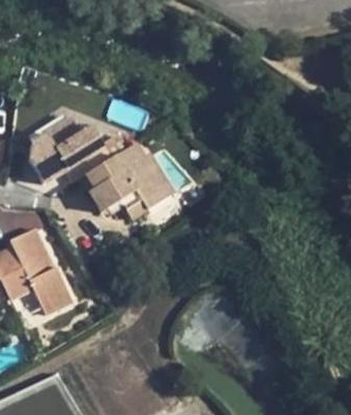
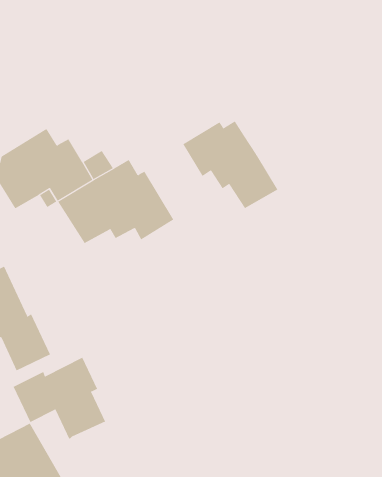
building: none -> [183,120,278,209]
building: none -> [13,357,106,440]

